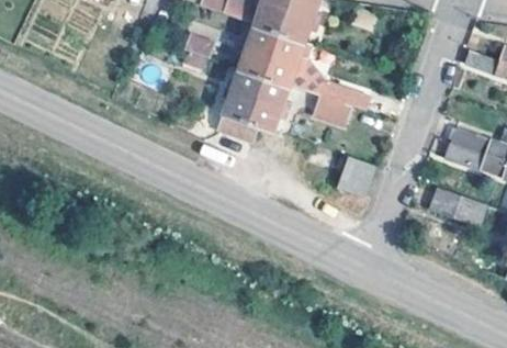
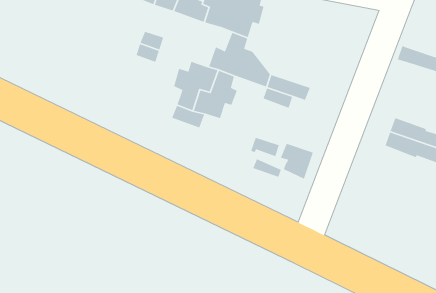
building: [237,26,284,74] -> none
building: [432,188,486,226] -> none

